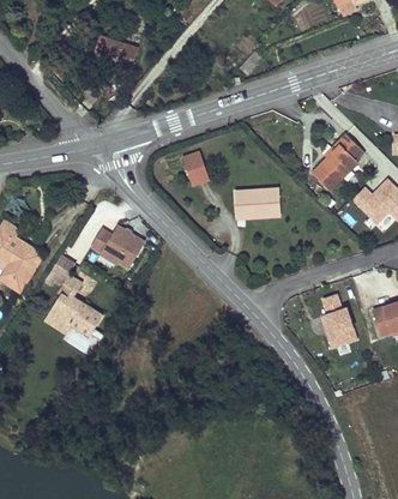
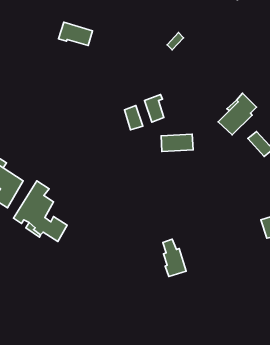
building: none -> [144,95,164,122]
building: [90,222,146,267] -> none
building: [321,293,354,344] -> [163,239,186,276]

